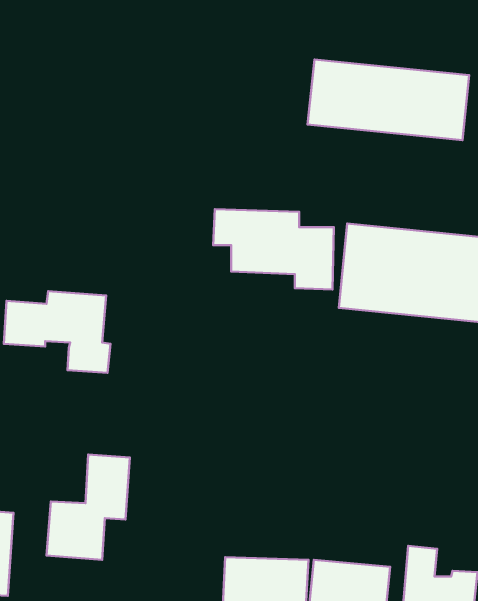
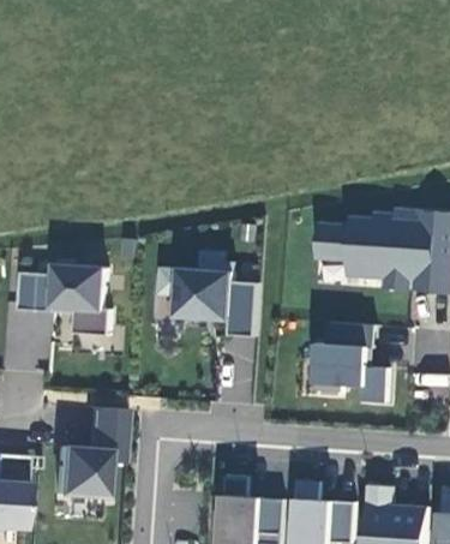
building: [308,60,469,140] -> none
building: [213,209,334,289] -> [156,265,260,335]
building: none -> [306,321,397,405]

